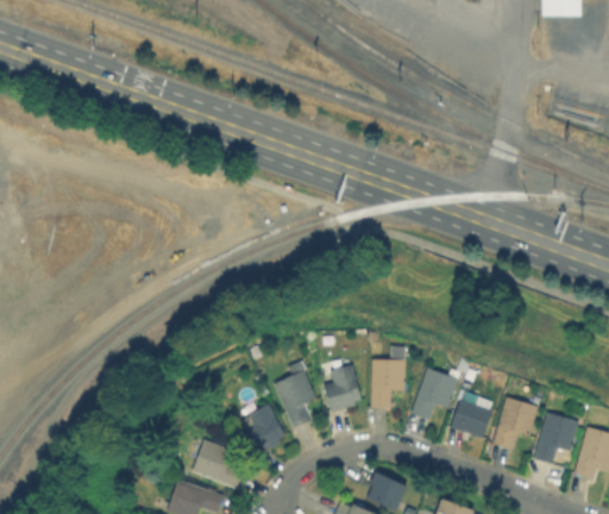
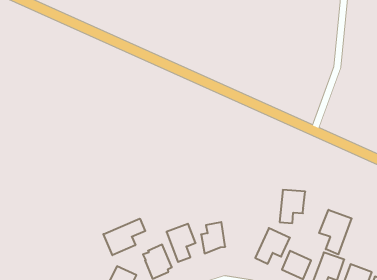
building: none -> [319,210,352,254]
building: [371,359,406,407] -> [280,190,305,223]
building: none -> [103,219,145,255]

